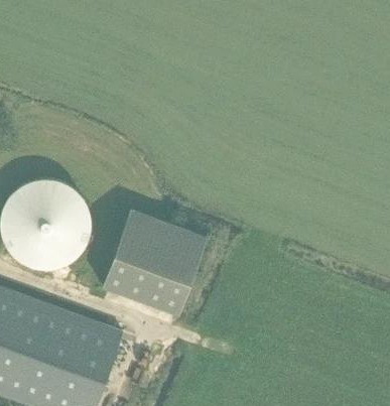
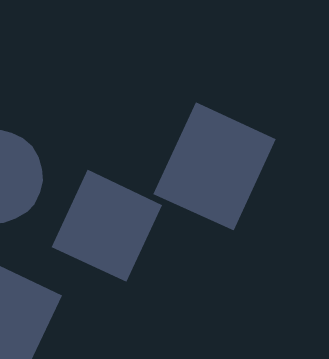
building: none -> [152,101,277,231]

